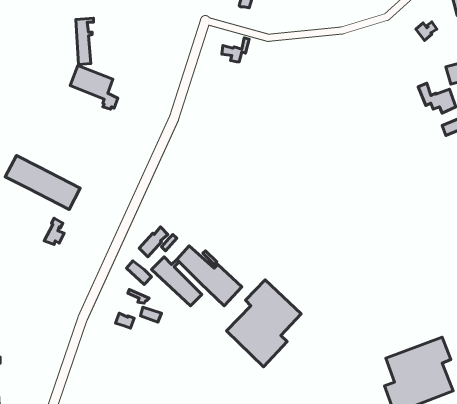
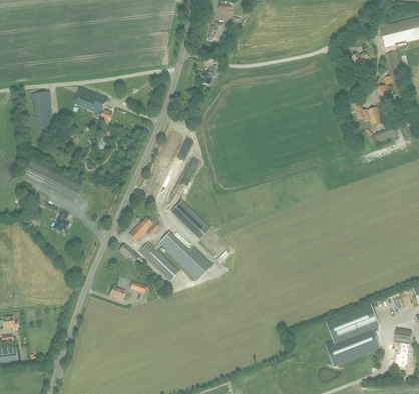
building: [76,18,93,65] -> [34,92,48,129]
building: none -> [171,199,212,239]
building: [226,280,301,367] -> none

